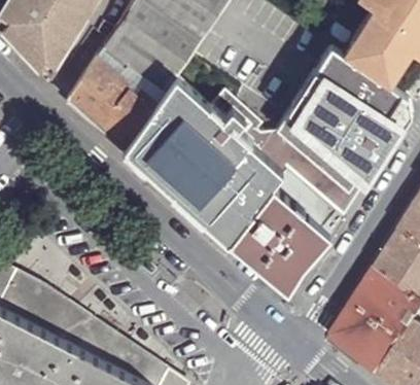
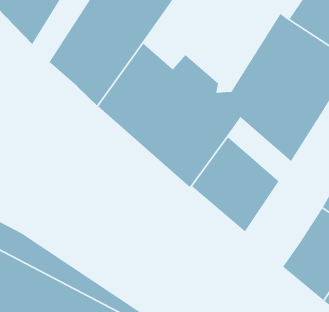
building: [273,166,343,235] -> none

